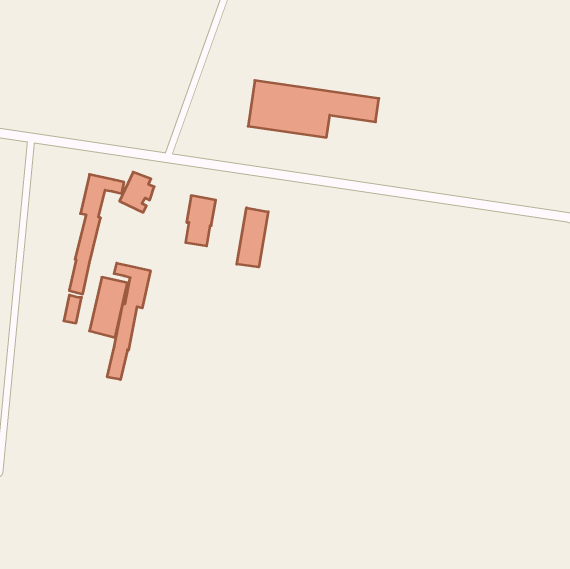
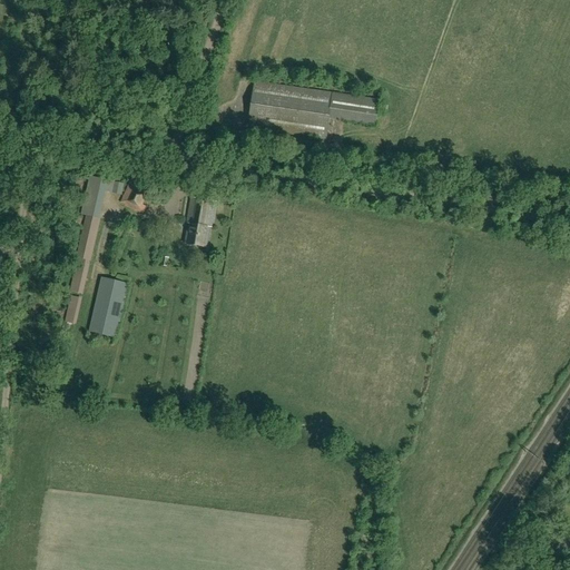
building: [237,208,268,267] -> none
building: [107,263,150,380] -> none

